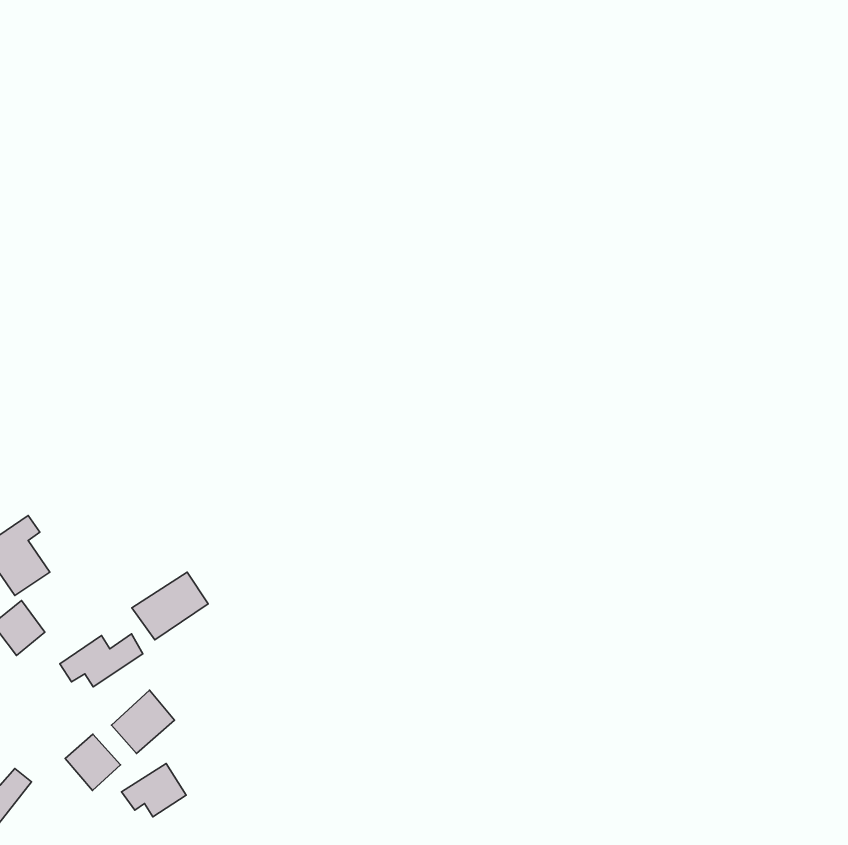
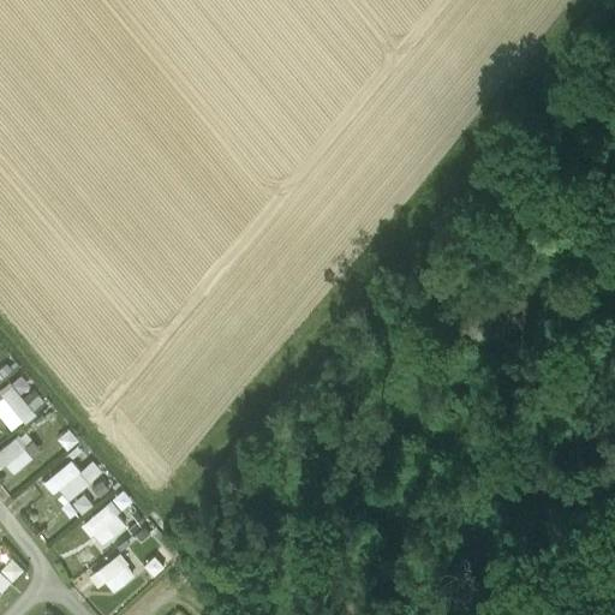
building: [132,572,208,640] -> none
building: [65,734,120,791] -> none

